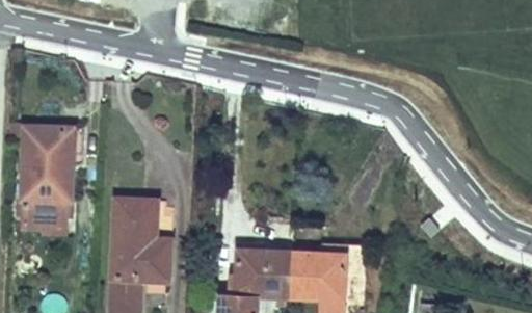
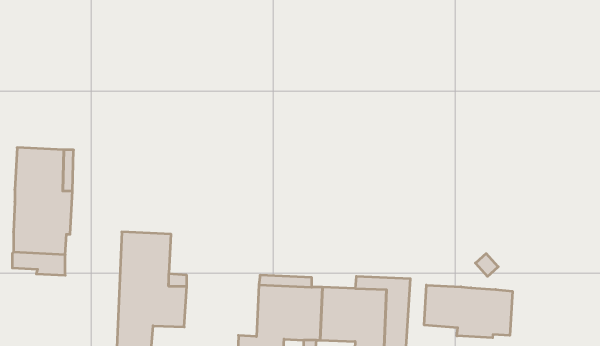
building: none -> [424,285,512,338]

